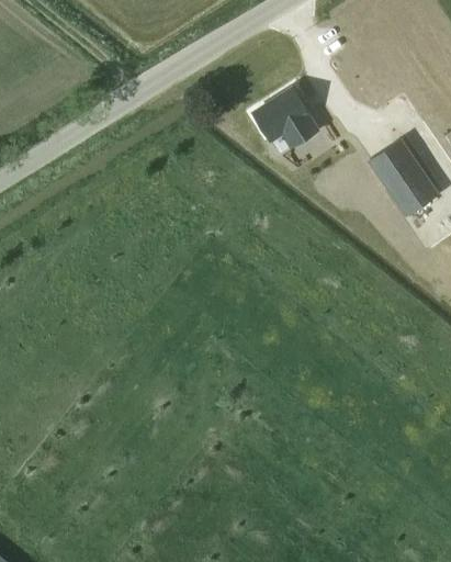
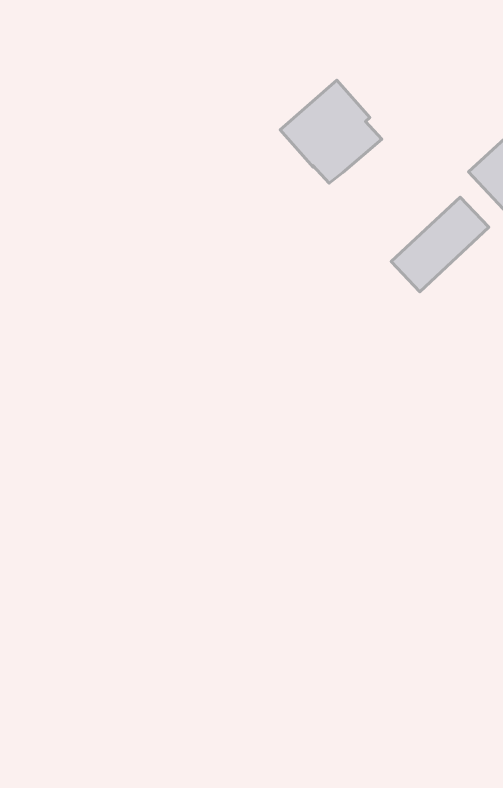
building: none -> [391,197,489,292]

